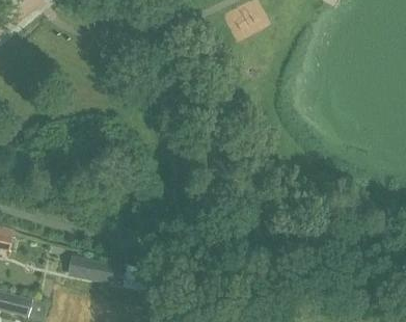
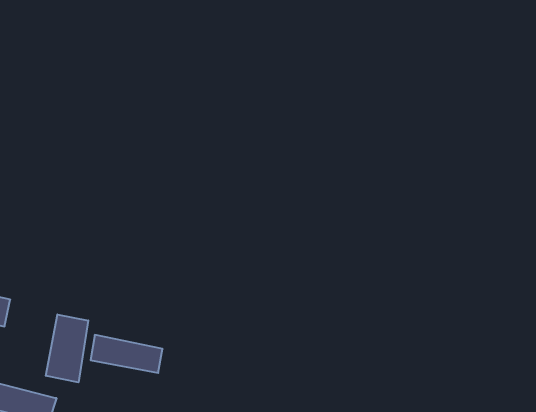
building: none -> [46,314,88,382]

